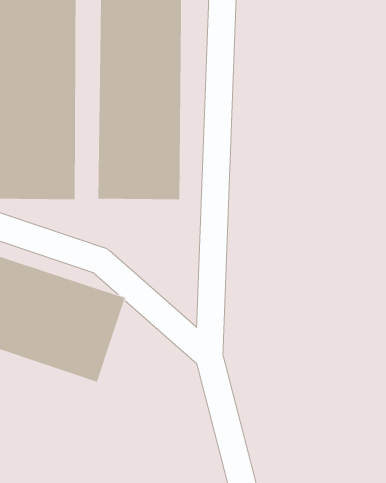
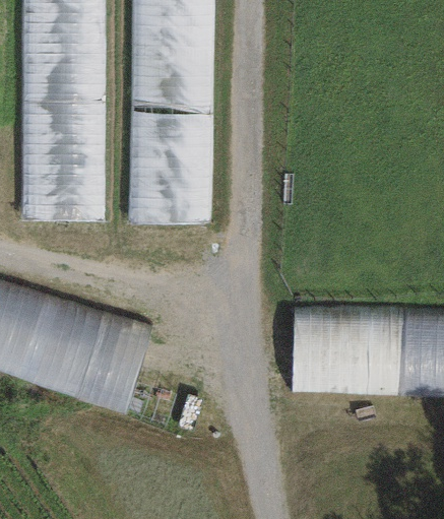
building: none -> [292,312,409,399]

